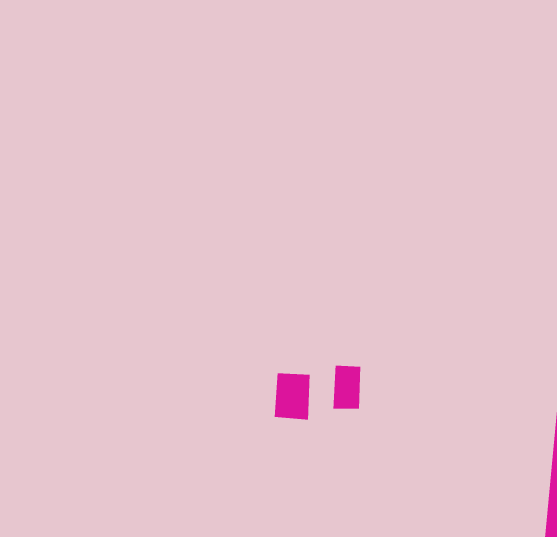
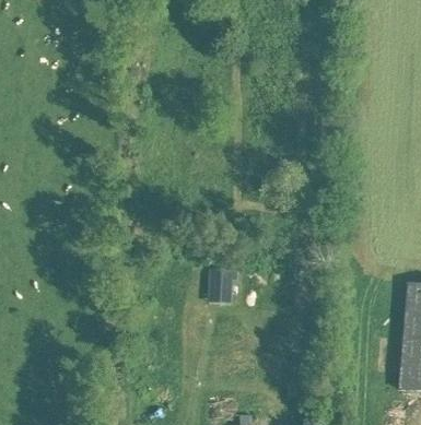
building: [333,365,361,409] -> none

